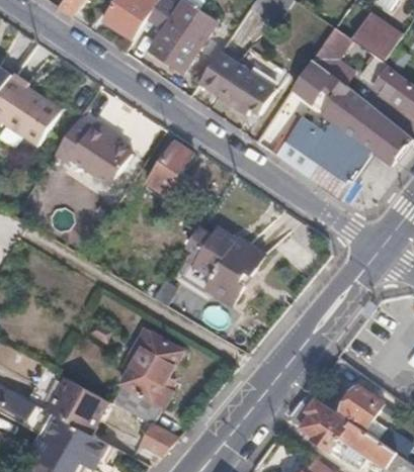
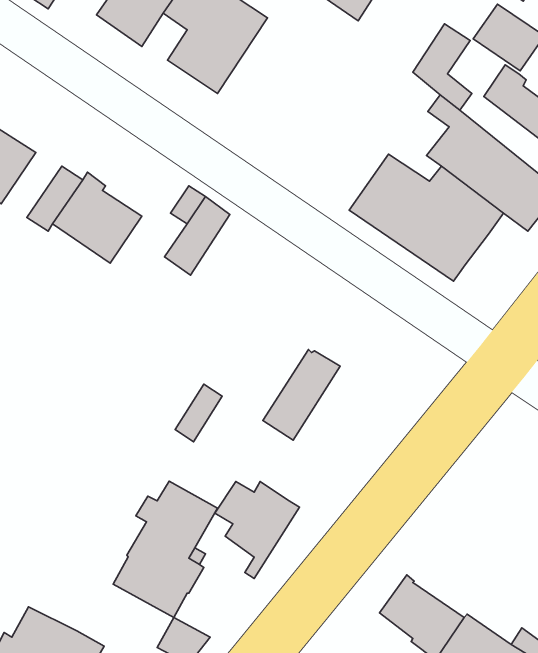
building: [198,51,276,114] -> none
building: [294,59,331,100] -> none
building: [186,226,243,291] -> [215,482,299,578]
building: [46,375,106,432] -> none
building: [339,385,384,429] -> none

